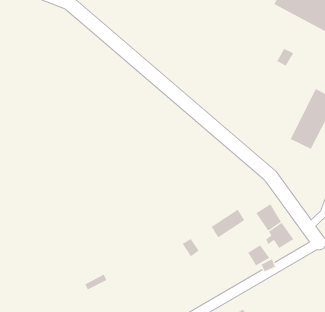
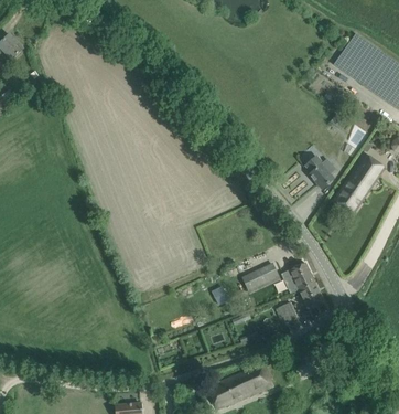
building: none -> [305,156,335,189]

